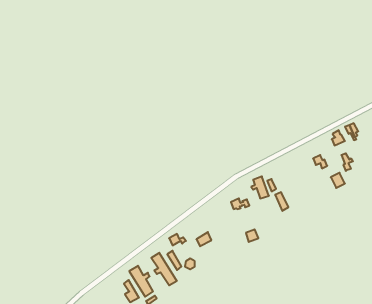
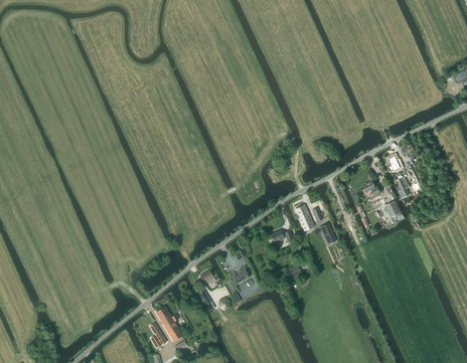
building: [151,253,177,285] -> none

